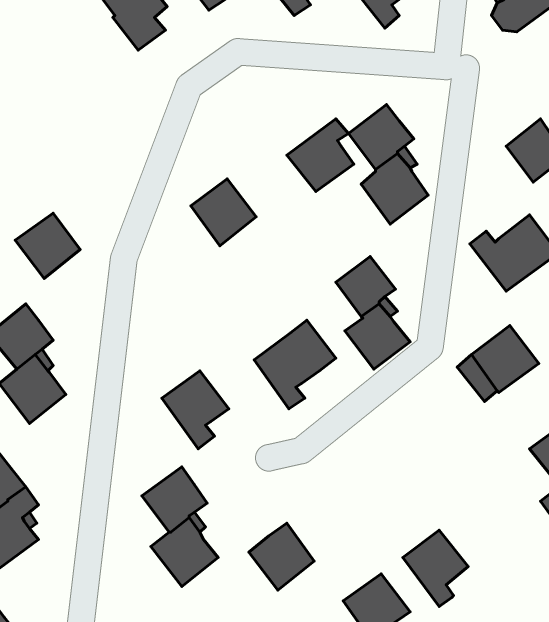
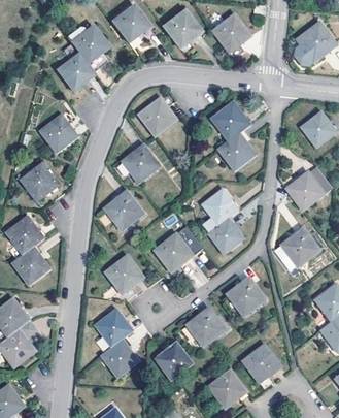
building: none -> [56,53,94,90]
building: none -> [40,109,77,152]
building: [287,119,354,191] -> [138,93,176,134]
building: none -> [105,193,143,231]
building: none -> [226,277,265,317]
building: none -> [187,308,225,346]

